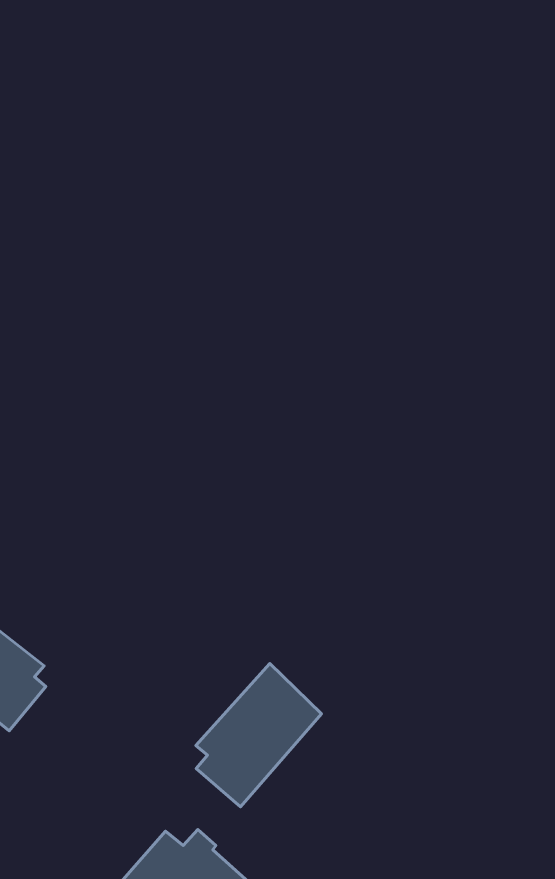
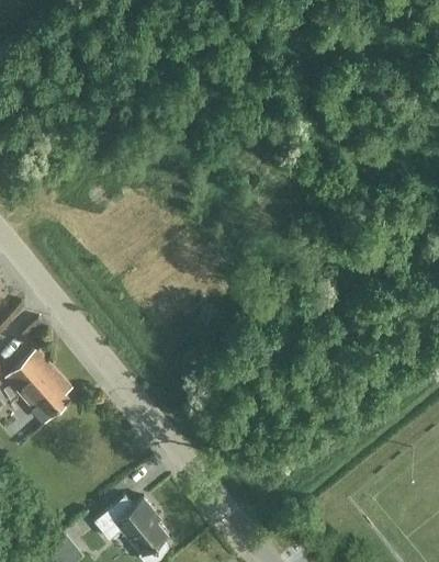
building: [196,664,322,807] -> none

